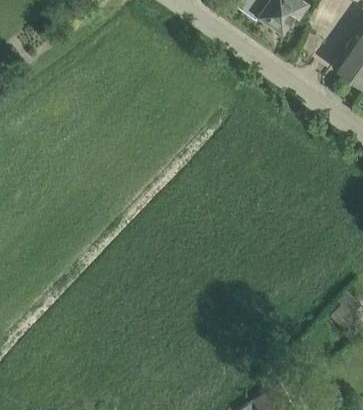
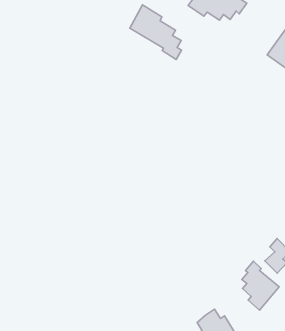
building: none -> [130,5,181,59]
building: none -> [242,261,279,310]

